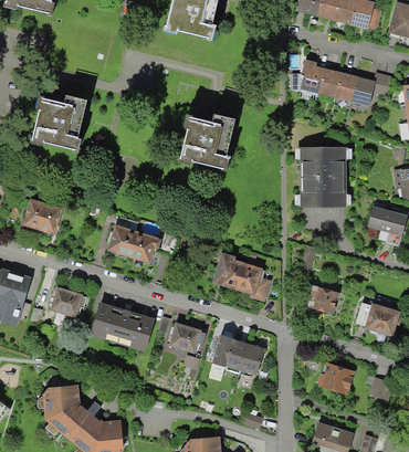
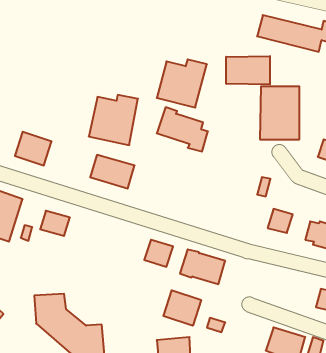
building: [35,96,92,154] -> [89,95,138,145]
building: none -> [226,56,270,84]
building: [211,251,270,302] -> [157,107,208,152]
building: [92,304,154,348] -> none
building: [315,361,354,395] -> none
building: none -> [163,290,201,326]

